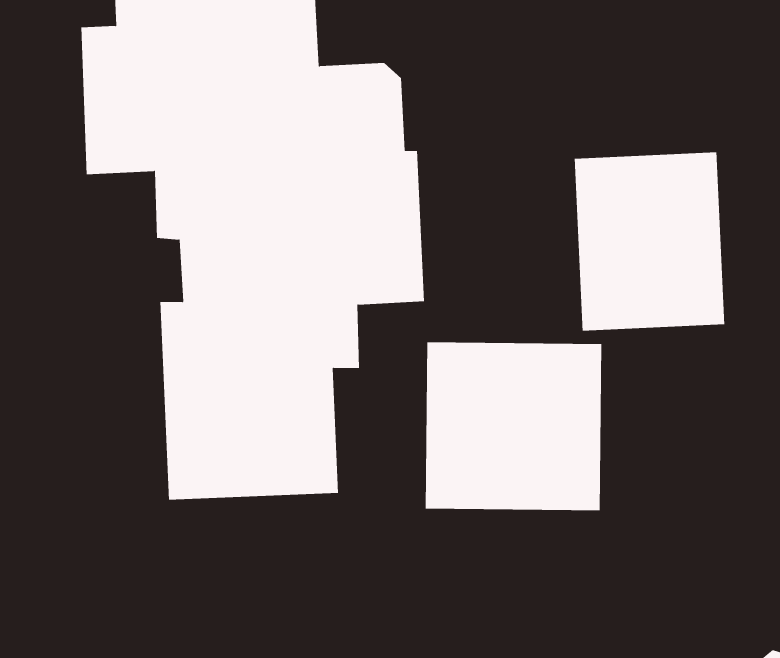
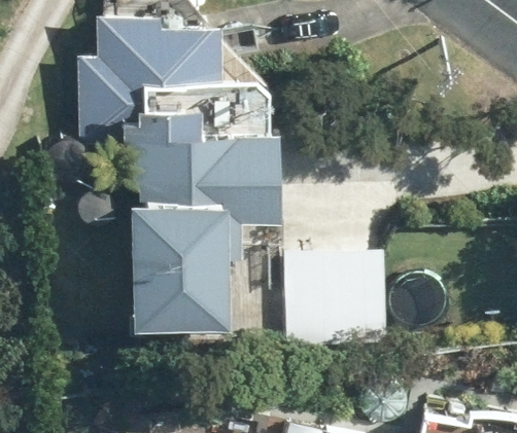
building: [574,152,725,332] -> none

